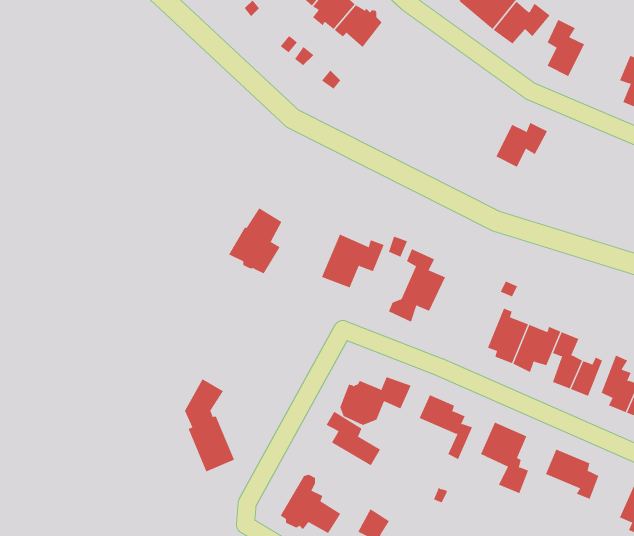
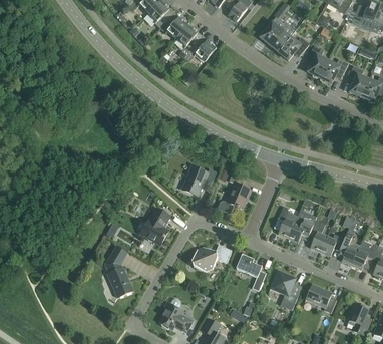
building: [496,122,548,167] -> [319,59,348,84]
building: [228,207,282,274] -> [139,208,169,245]
building: [326,411,381,466] -> none

